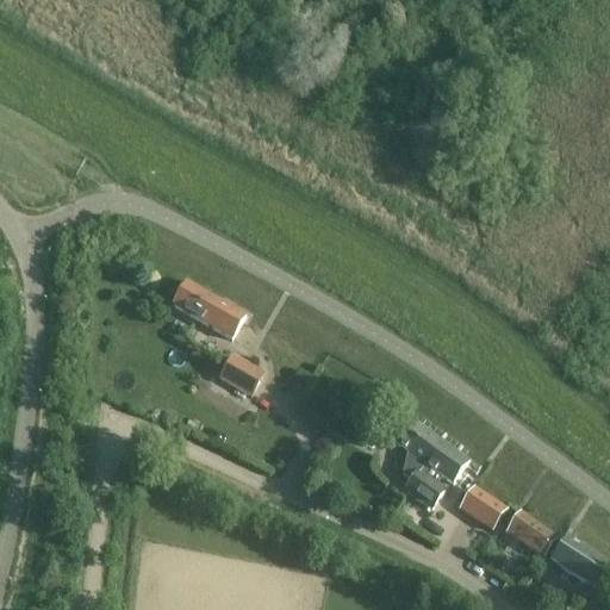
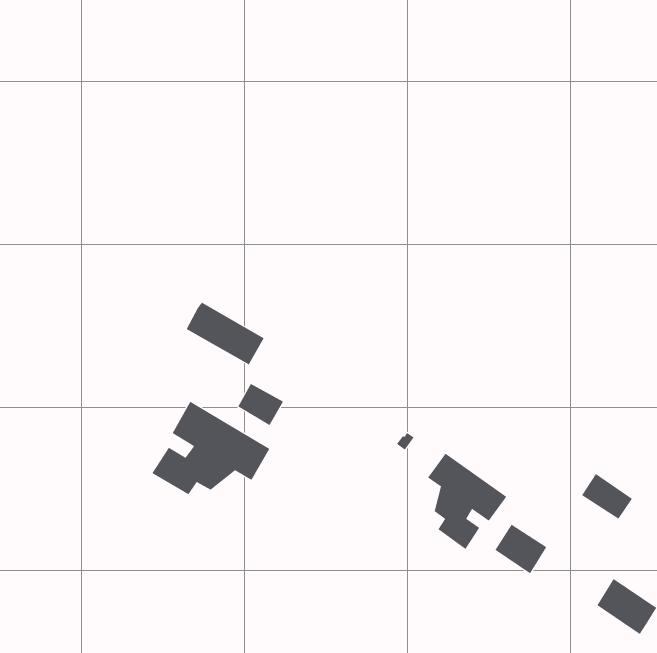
building: none -> [151,401,270,495]
building: [506,511,554,554] -> [581,473,633,520]

